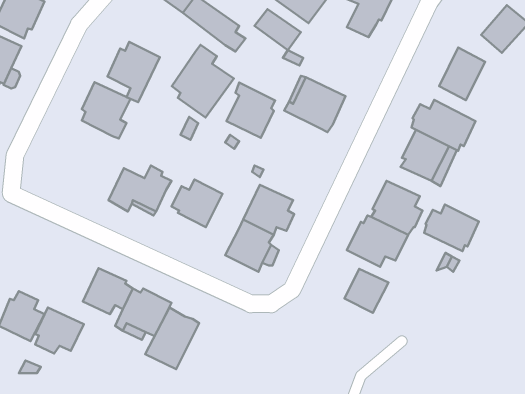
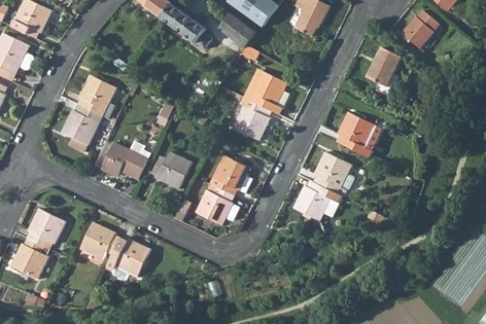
building: [107,42,160,102] -> [62,104,104,152]
building: [172,45,234,118] -> none
building: [226,83,275,138] -> [232,96,271,140]
building: [412,100,476,151] -> none
building: [424,204,479,251] -> none
building: [344,269,389,313] -> none
building: [35,307,84,354] -> [29,211,68,248]
building: [145,308,199,369] -> none

